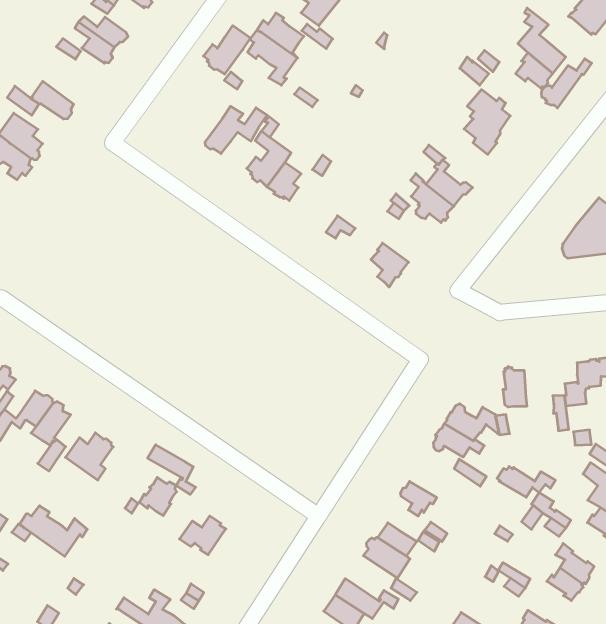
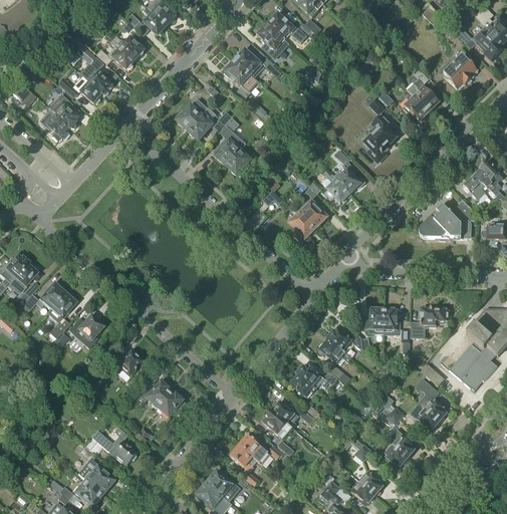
building: [203,26,250,74] -> [175,97,208,130]
building: none -> [76,45,111,94]
building: [541,59,592,108] -> none
building: none -> [299,199,326,227]
building: none -> [384,309,402,334]
building: [148,445,196,494] -> none
building: [497,466,555,497] -> [297,365,336,388]
building: [20,506,87,556] -> none
building: none -> [157,392,187,416]

